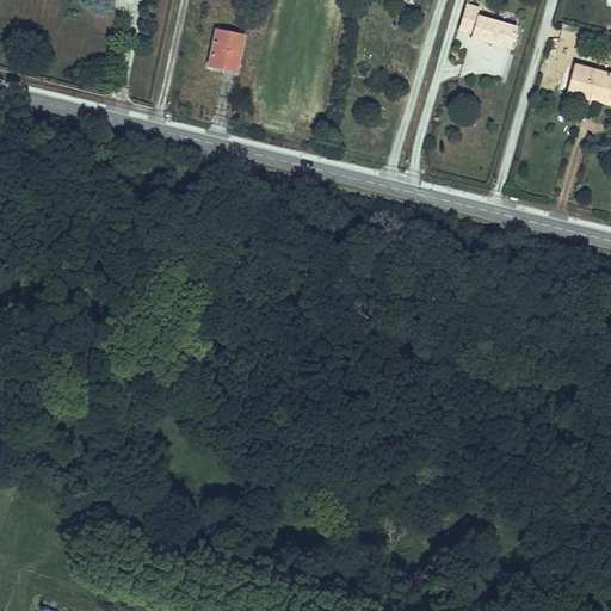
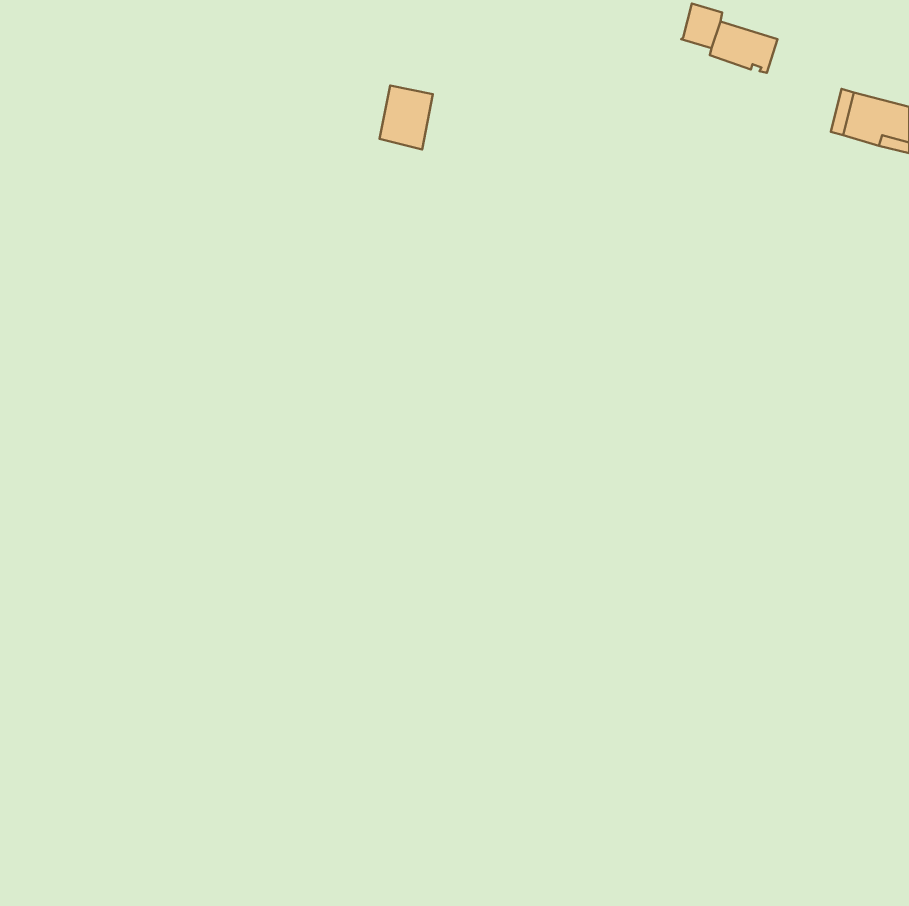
building: [209,27,245,70] -> [380,85,433,150]

